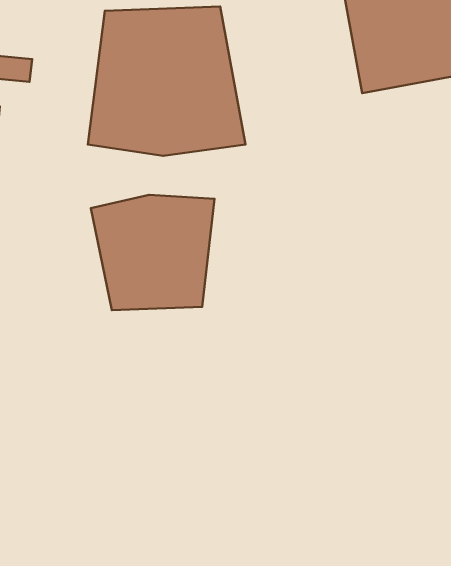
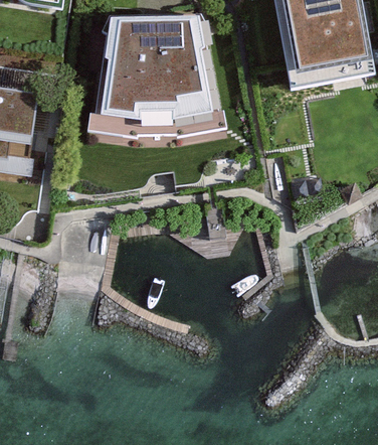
building: [91,195,214,310] -> none

